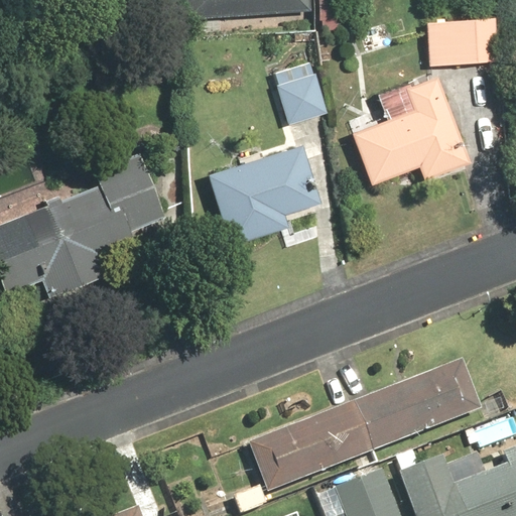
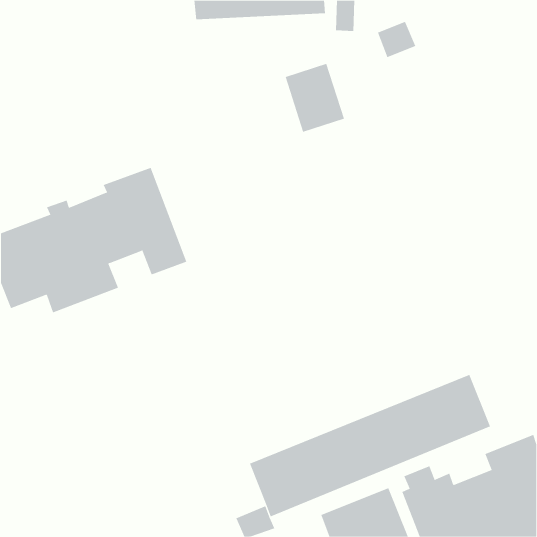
building: [419,19,490,66] -> none
building: [354,72,475,187] -> none
building: [212,144,327,246] -> none

